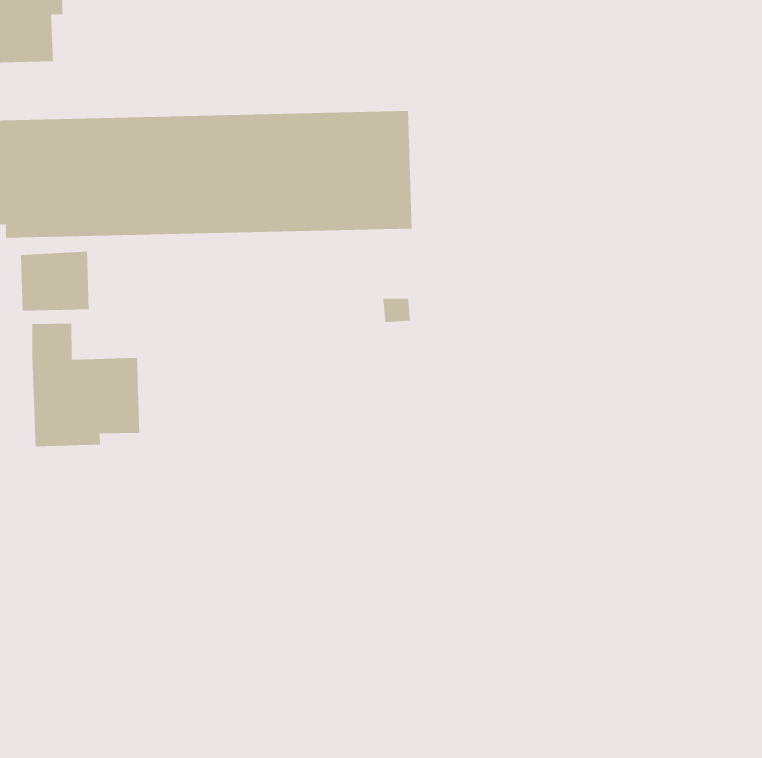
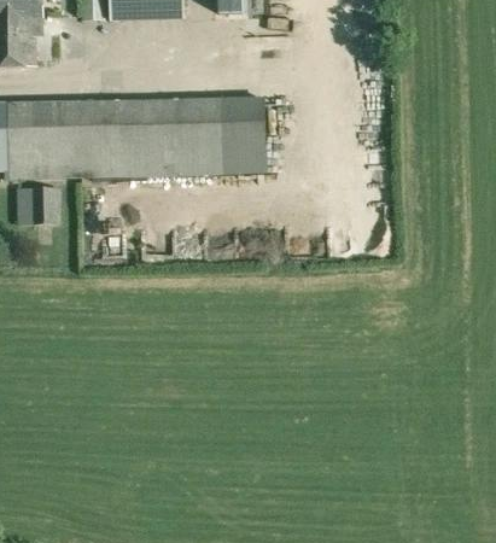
building: [32,323,140,447] -> none

